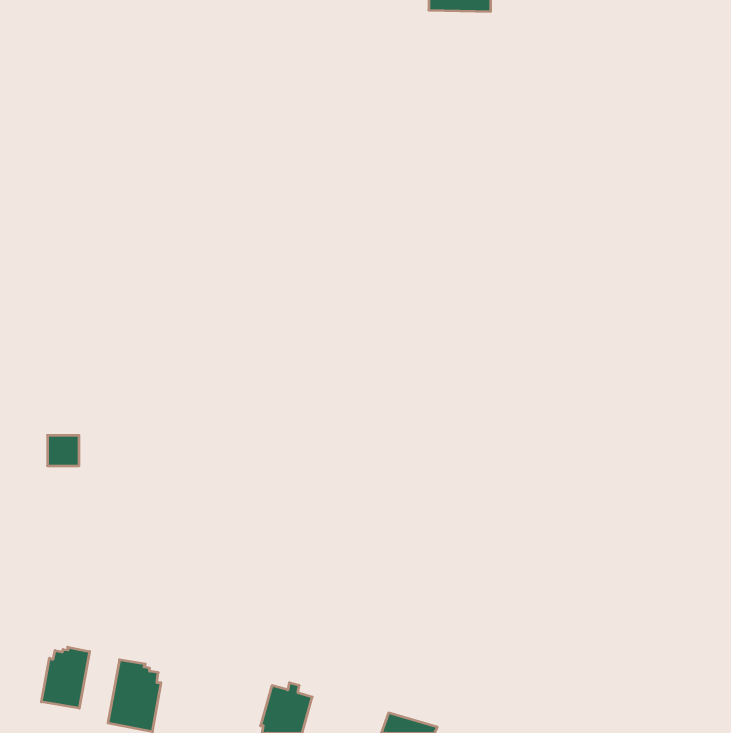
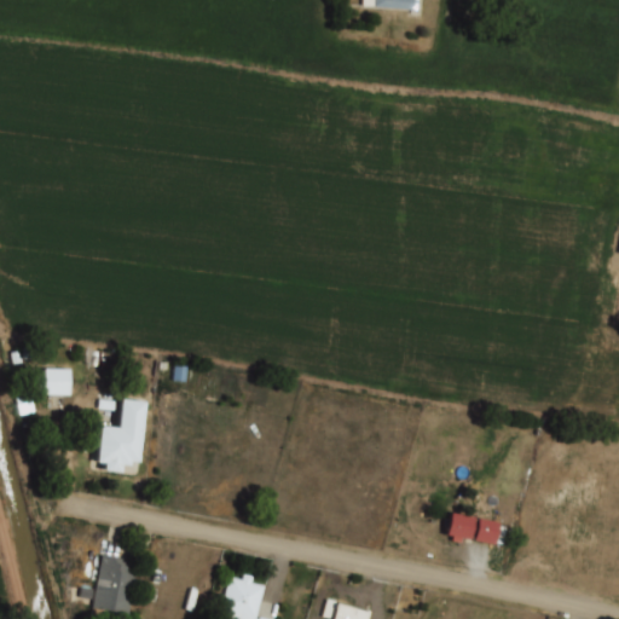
building: none -> [96,401,144,473]
building: none -> [446,513,501,545]
building: [41,647,90,708] -> none

